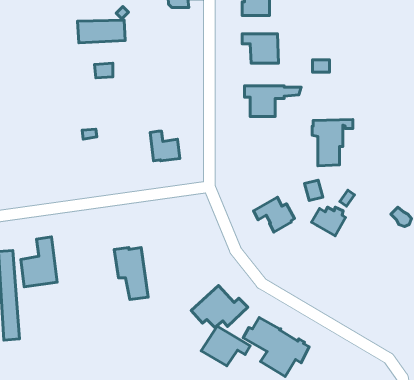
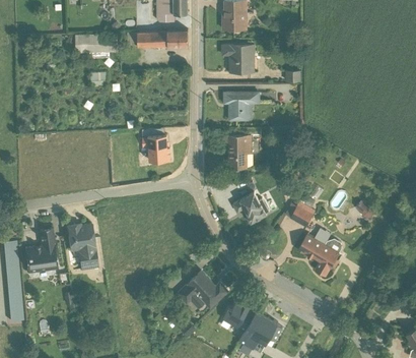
building: none -> [127,29,188,47]
building: [312,119,353,166] -> [223,129,260,171]
building: none -> [297,234,342,276]
building: [114,247,148,300] -> [67,224,97,271]
building: [201,326,250,366] -> none

